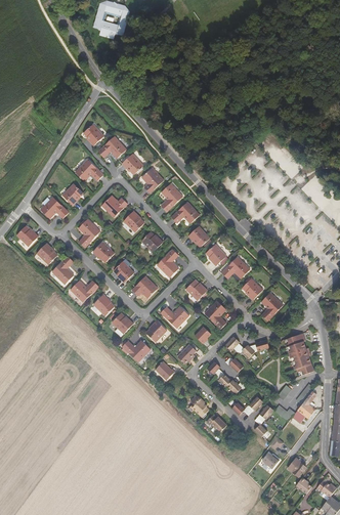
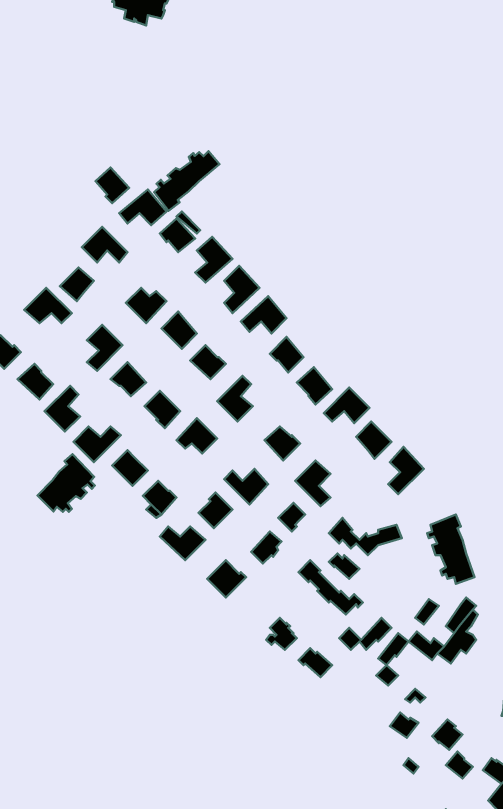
building: none -> [154,151,220,211]
building: none -> [38,454,95,512]

